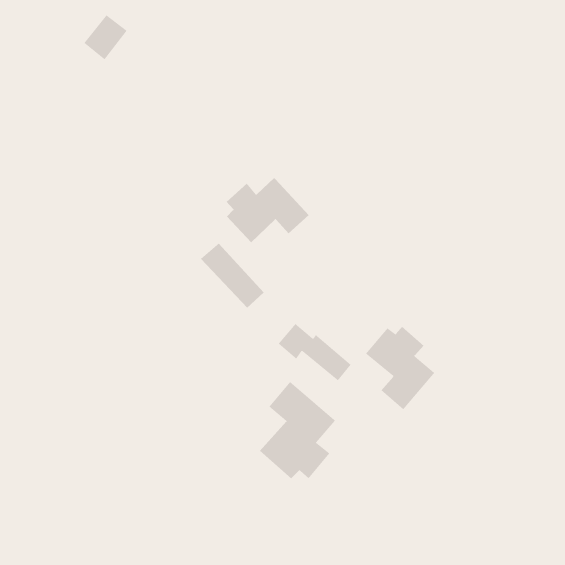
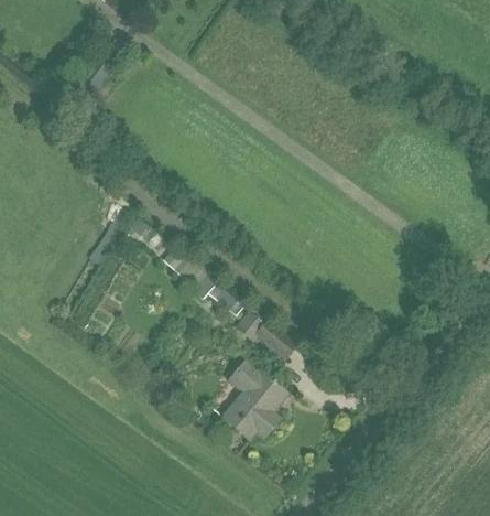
building: [226,174,309,243] -> none
building: [365,326,438,410] -> none

